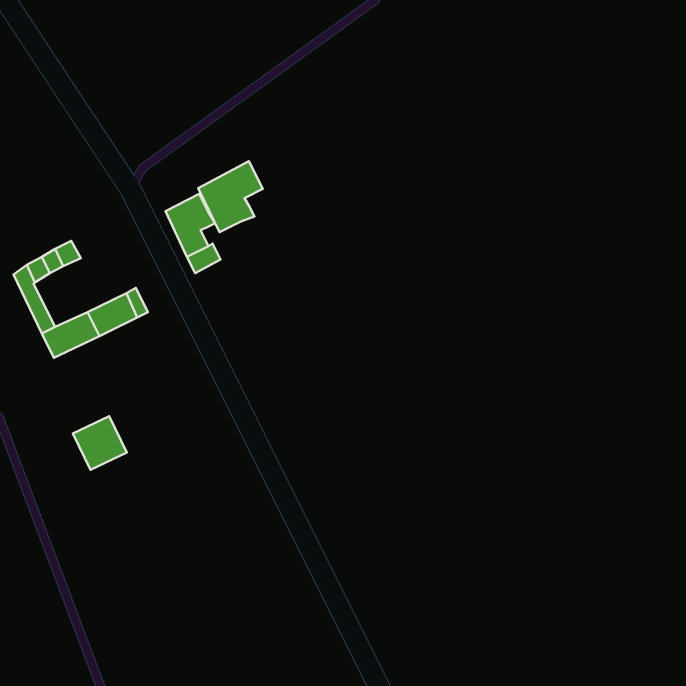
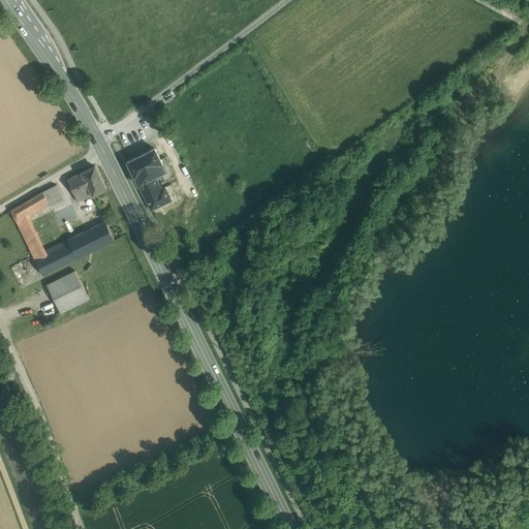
building: [198,161,263,232] -> none
building: none -> [66,167,104,203]
building: [73,416,127,470] -> [46,272,88,313]

